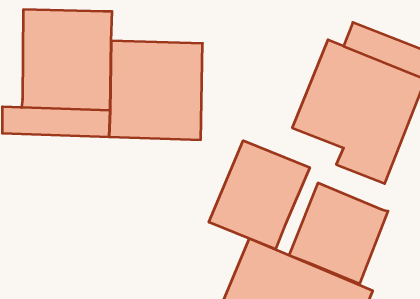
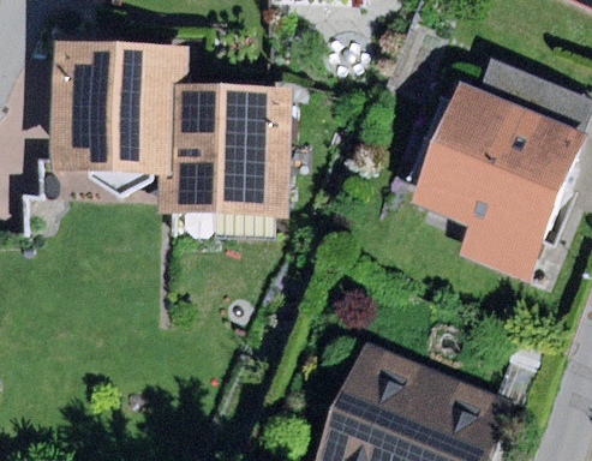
building: [209,141,310,249] -> none
building: [289,183,388,284] -> none

